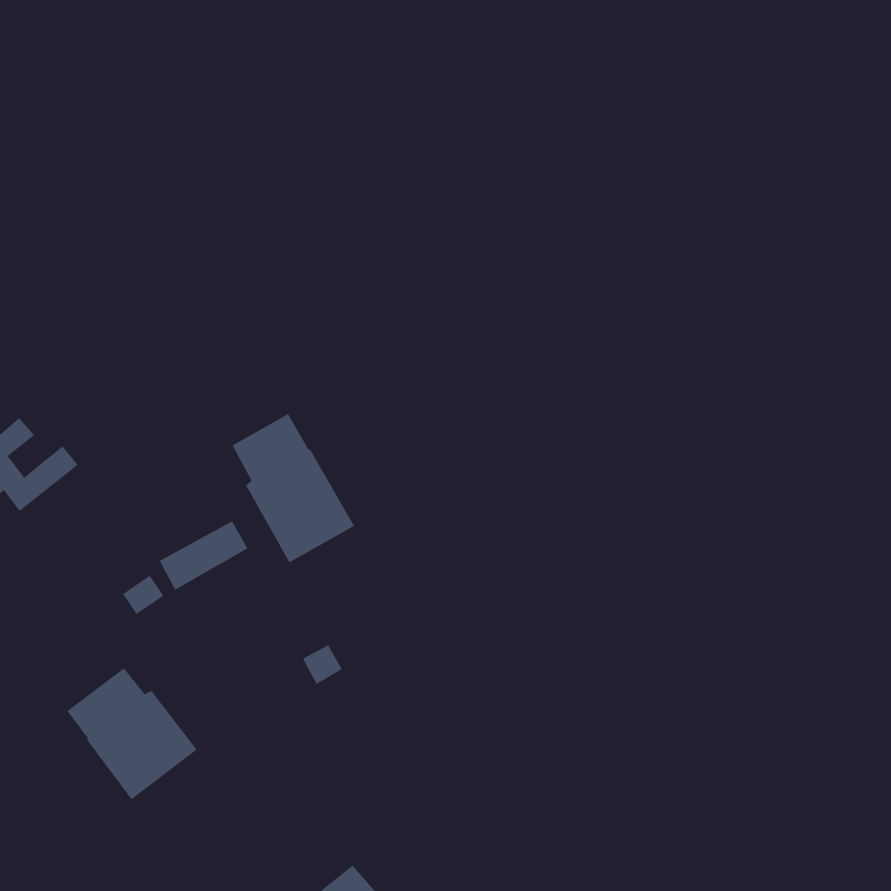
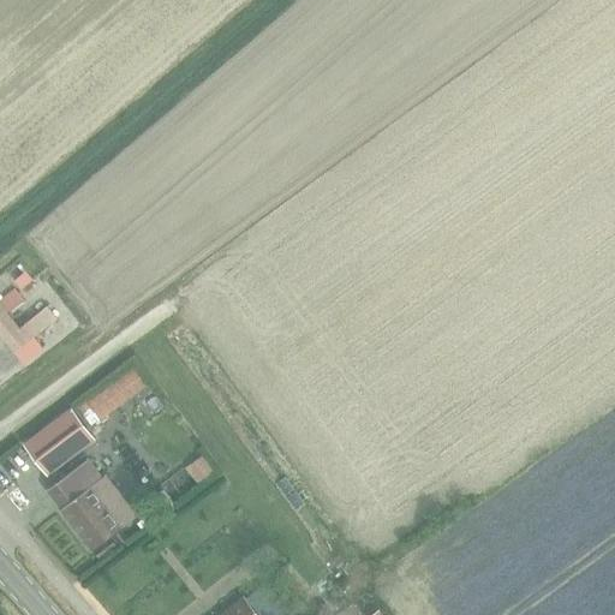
building: [232,413,355,563] -> none
building: none -> [23,408,94,476]

